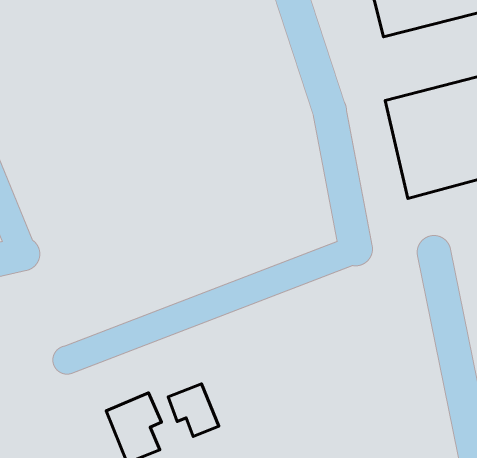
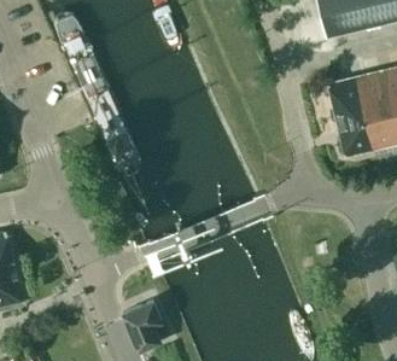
building: [168,384,219,437] -> none

